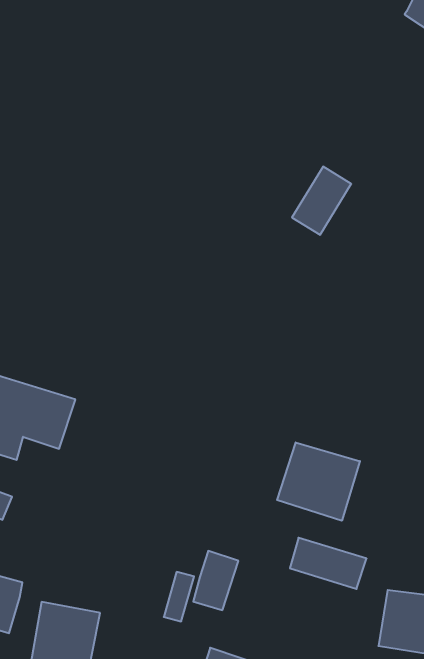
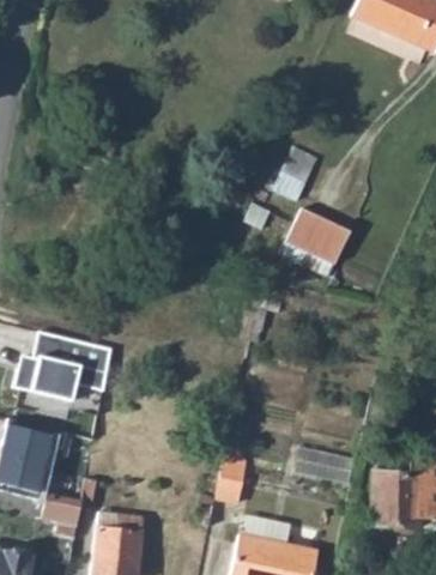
building: none -> [279,217,341,273]
building: [277,442,360,521] -> none

